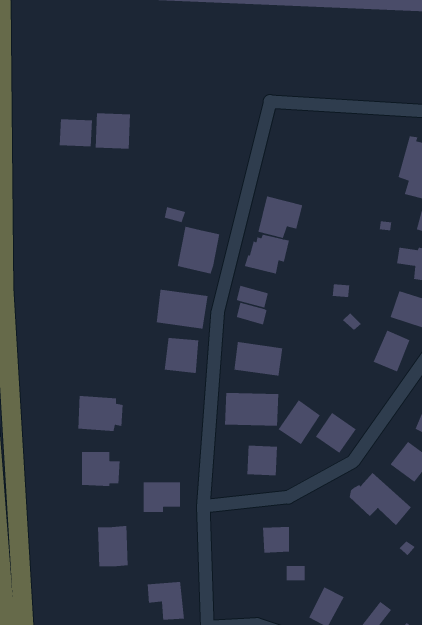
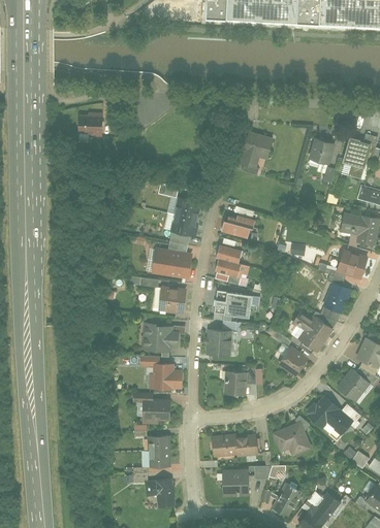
building: [95,113,131,149] -> none
building: none -> [308,136,334,163]
building: [257,196,303,239] -> [238,131,274,165]
building: [77,395,123,432] -> [141,324,178,353]
building: [278,399,321,445] -> [298,314,332,350]
building: [81,451,121,487] -> [152,362,183,390]
building: none -> [271,420,313,456]
building: [97,525,129,567] -> [147,434,171,467]
building: none -> [213,434,236,455]
building: none -> [222,468,249,497]

